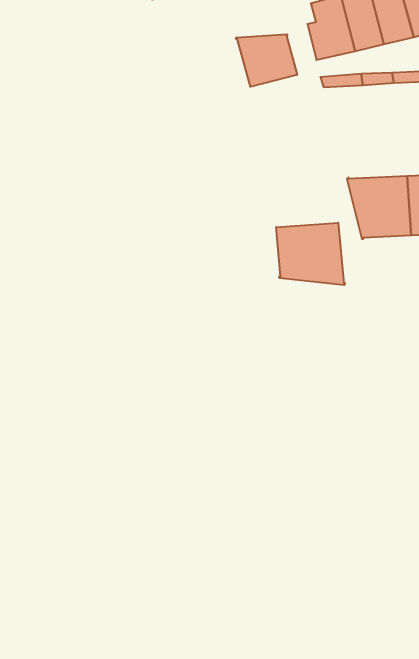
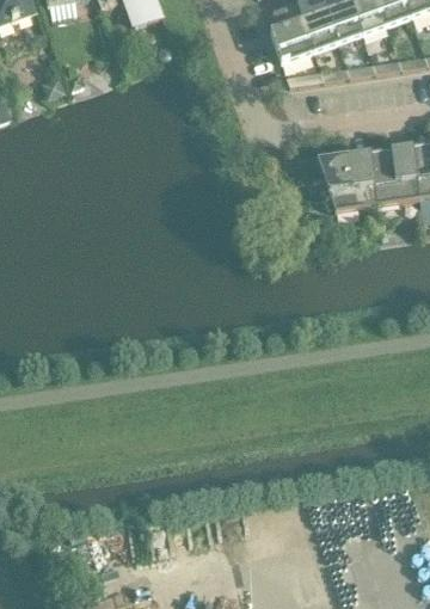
building: [236,34,297,87] -> none
building: [276,223,345,285] -> none

